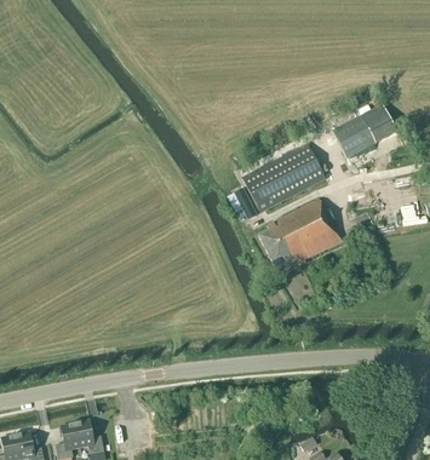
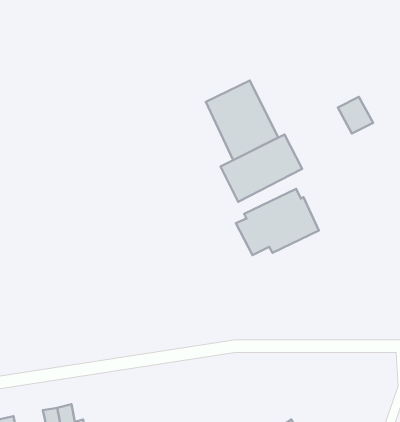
building: none -> [206,81,278,160]
building: [332,115,375,157] -> none

